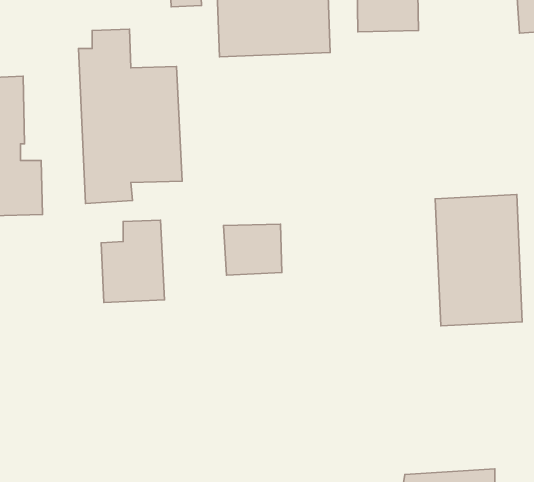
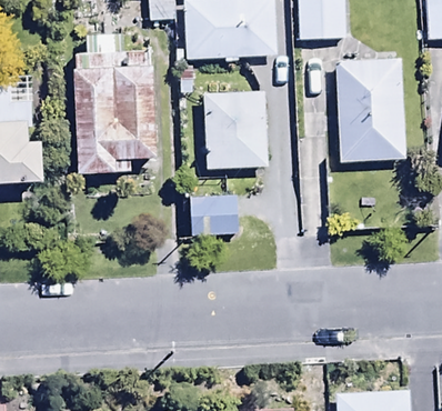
building: none -> [203,90,269,169]
building: [435,195,522,326] -> [335,58,405,163]
building: [101,220,164,302] -> none

